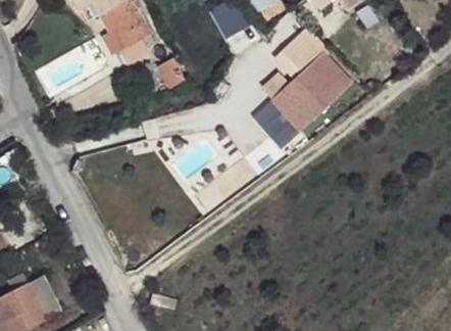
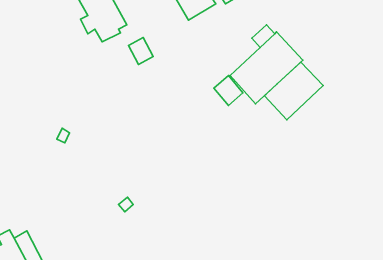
building: none -> [264,62,323,120]

